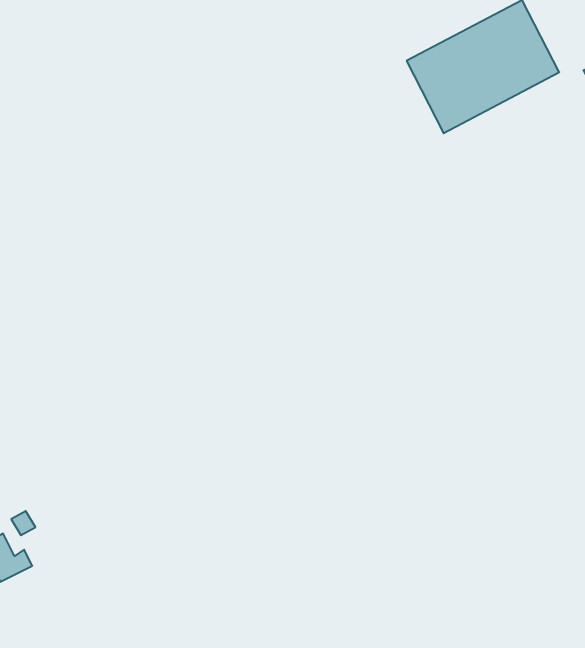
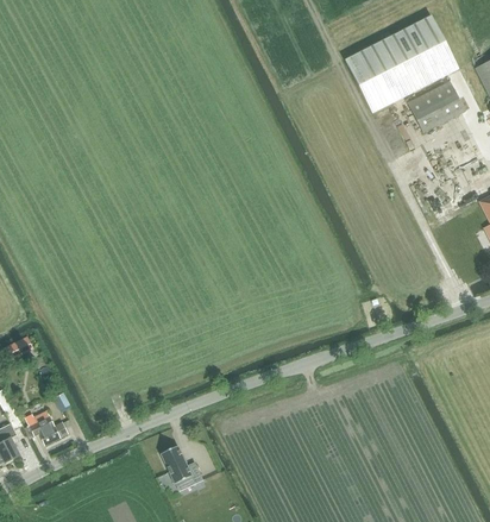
building: none -> [407,81,465,132]
building: none -> [161,445,202,483]

